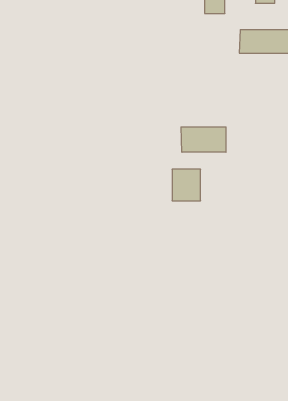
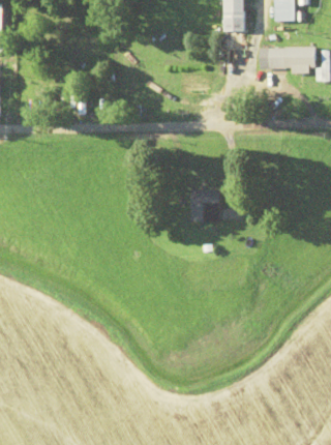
building: [181,127,226,152] -> none

